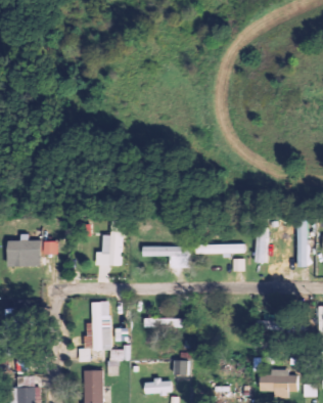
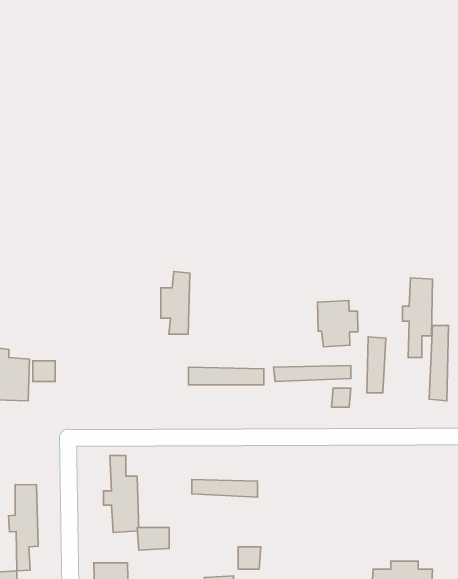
building: none -> [402,278,433,358]
building: none -> [318,300,358,347]
building: [104,225,123,265] -> [161,272,190,334]
building: none -> [9,485,38,571]

